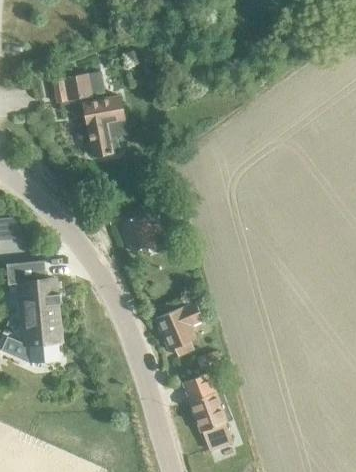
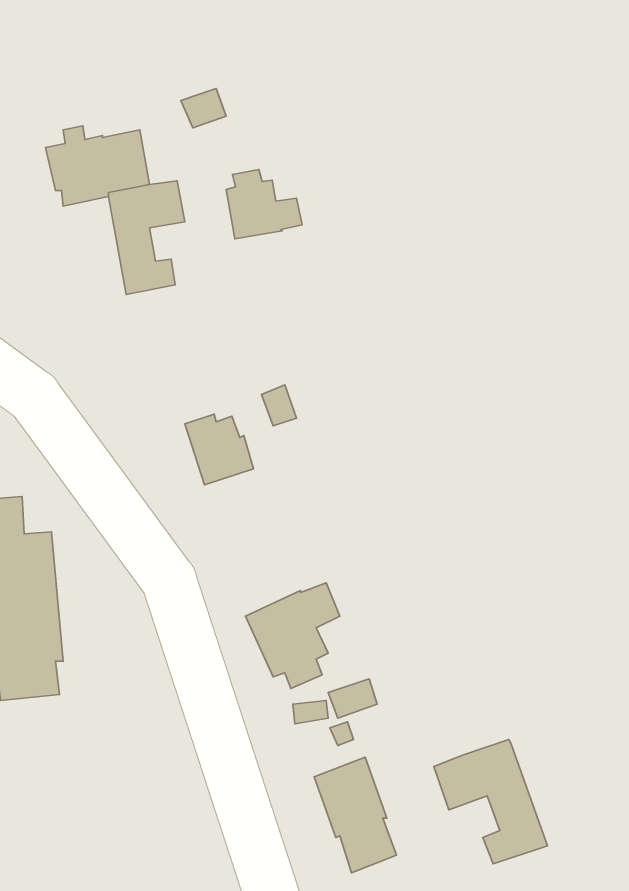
building: none -> [226,169,302,239]
building: none -> [434,739,547,864]

